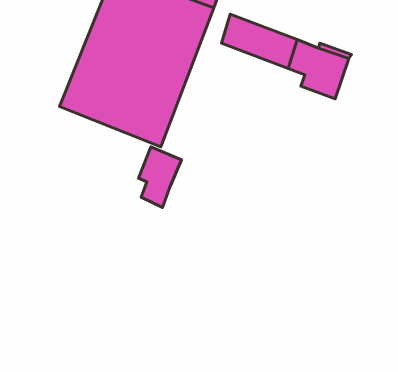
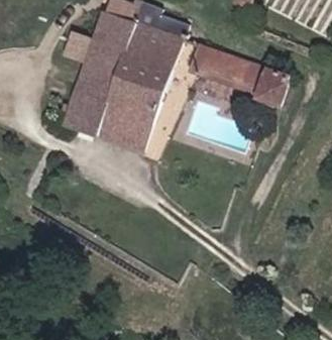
building: [138,147,181,207] -> none

